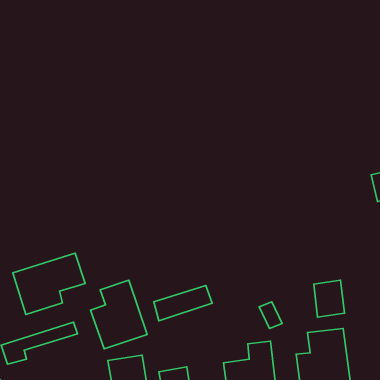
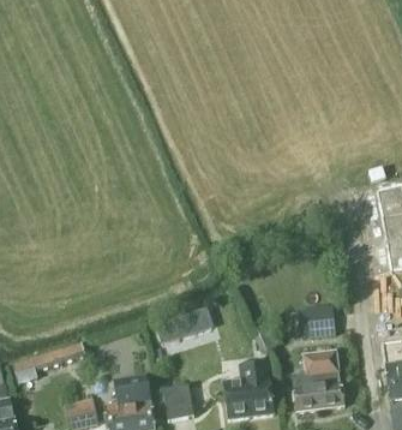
building: [13,253,85,314] -> none
building: [90,280,147,349] -> none

